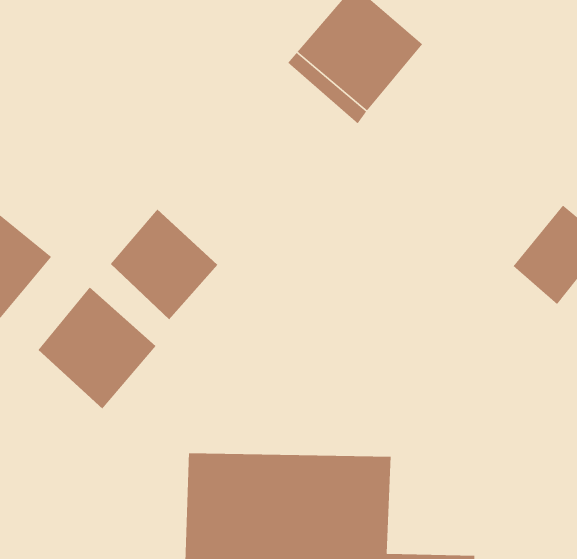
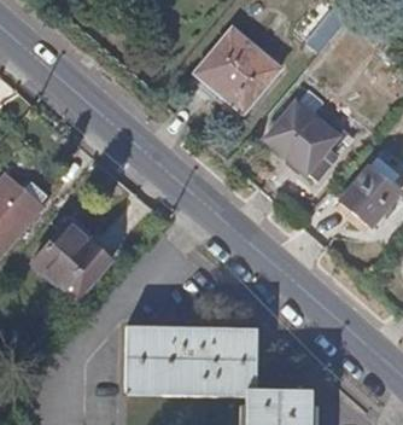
building: none -> [267,101,334,177]
building: [110,208,218,320] -> none

